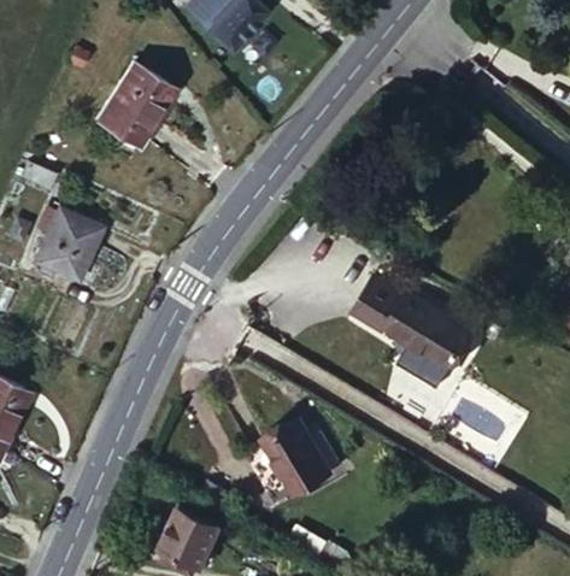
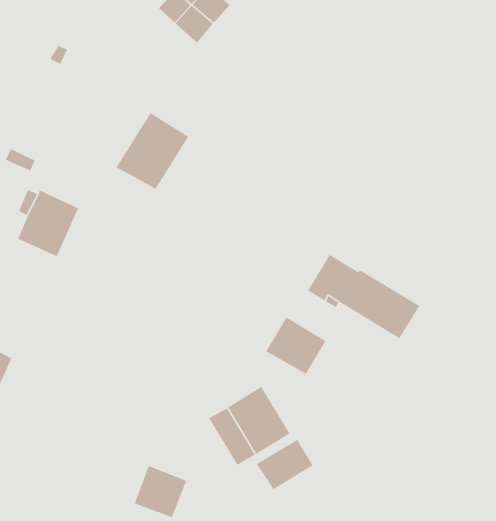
building: [95,59,175,143] -> [116,112,189,190]
building: none -> [265,317,326,375]
building: none -> [256,439,314,490]

